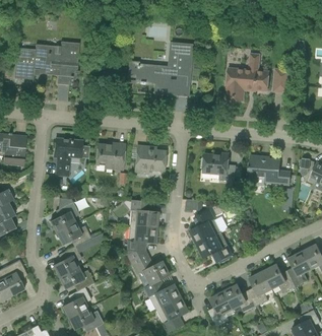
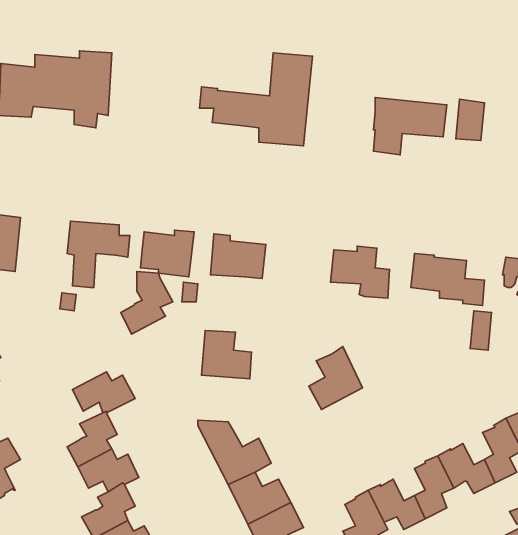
building: [50,198,79,233] -> [121,271,173,334]
building: [127,225,156,252] -> none
building: [197,232,233,263] -> none

